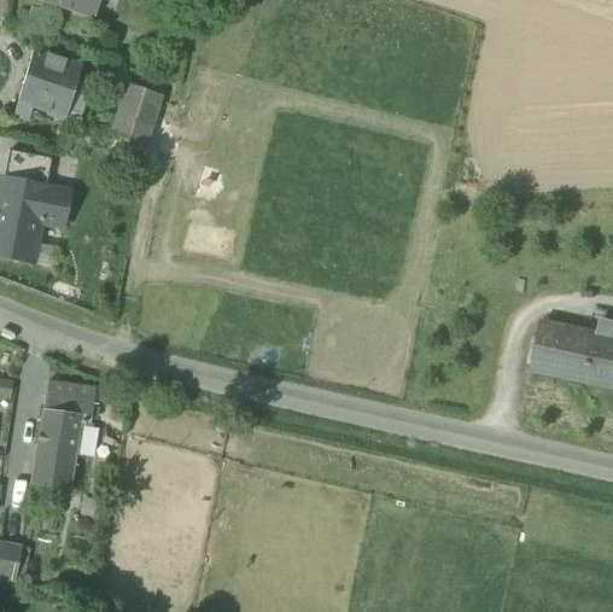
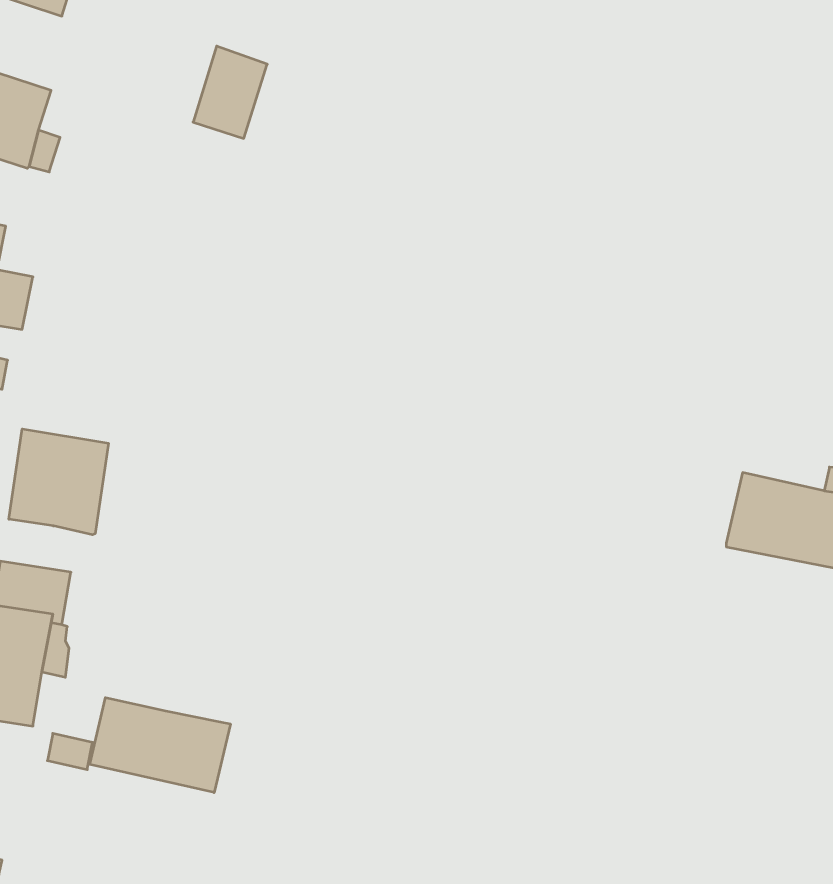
building: [111,82,160,144] -> [193,46,267,138]
building: none -> [9,429,108,535]
building: none -> [90,698,230,793]

